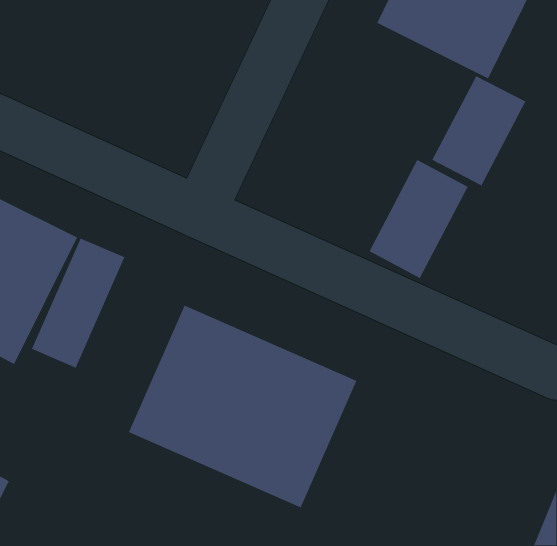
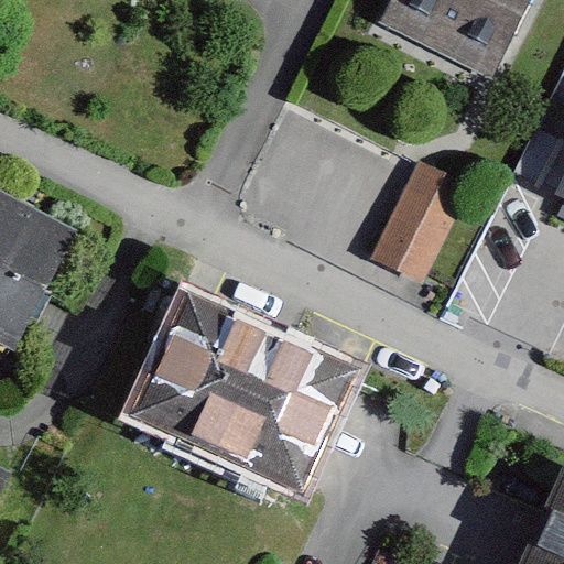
building: [431,75,527,186] -> none
building: [31,237,125,369] -> none

